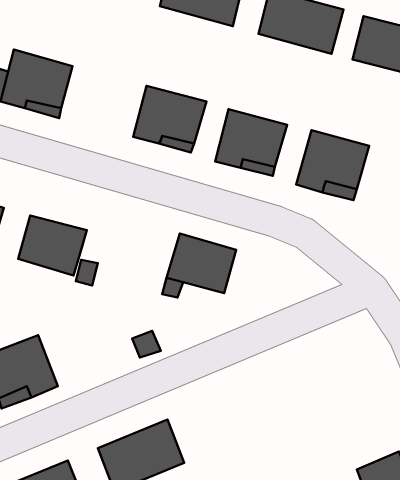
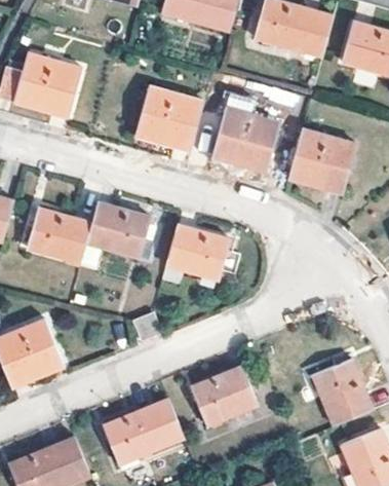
building: none -> [86,200,151,257]
building: none -> [314,357,375,424]
building: none -> [191,364,258,422]

